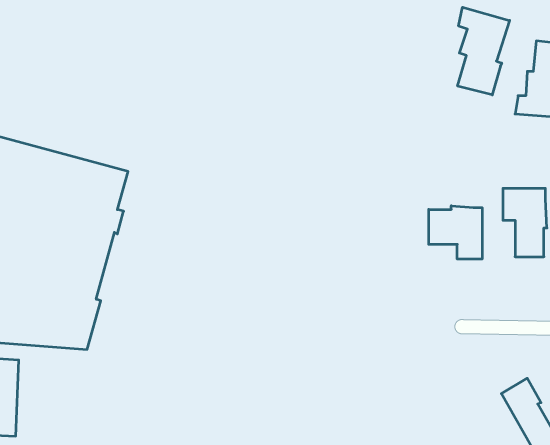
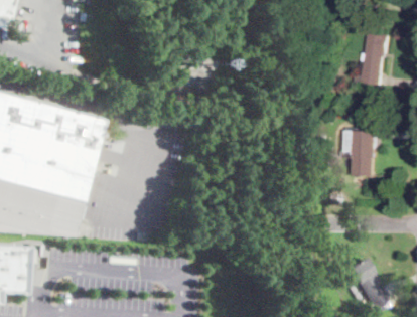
building: [458,7,510,95] -> none
building: [429,206,482,259] -> none

